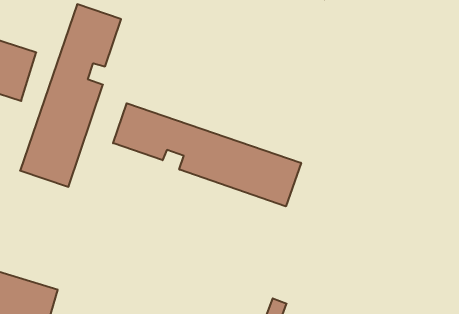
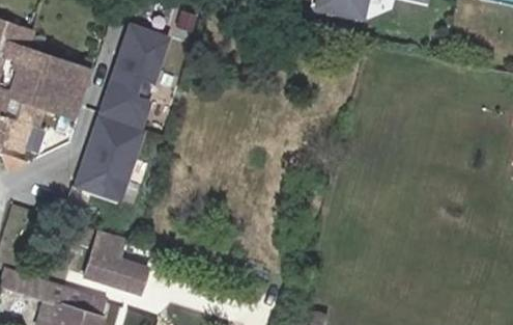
building: [113,103,301,206] -> none
building: none -> [88,237,148,294]

